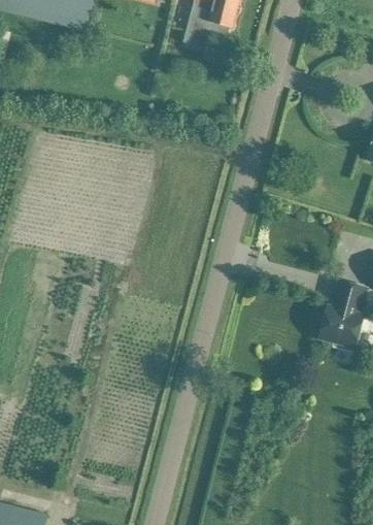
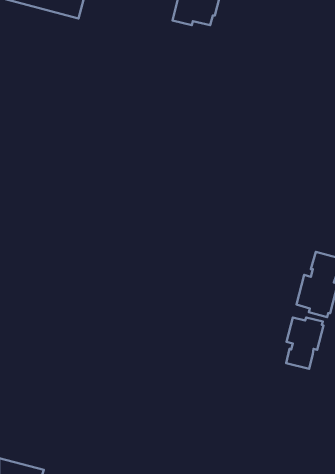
building: none -> [286,317,323,369]

